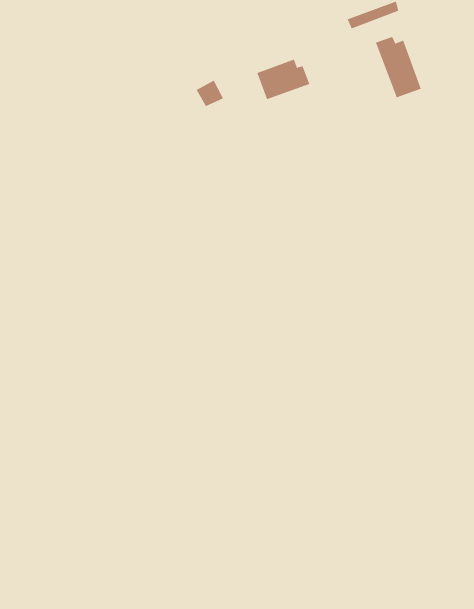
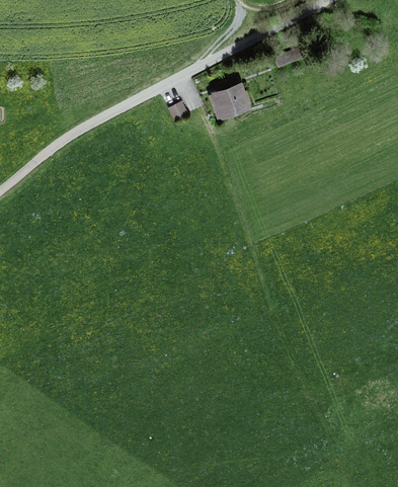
building: [375,36,422,98] -> none

